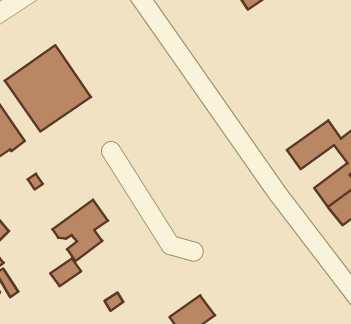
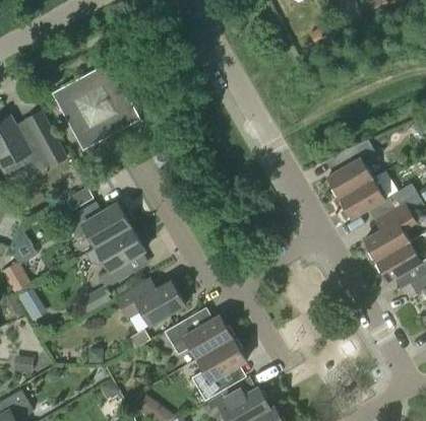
building: none -> [327,139,386,197]
building: none -> [65,204,131,254]
building: none -> [117,281,185,325]
building: none -> [164,317,233,358]

